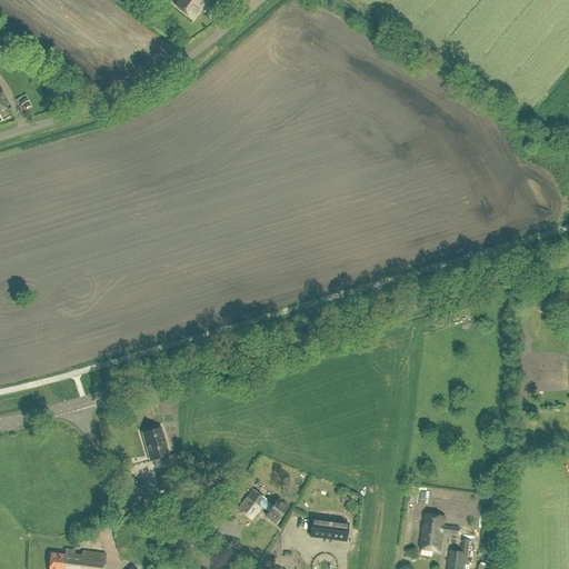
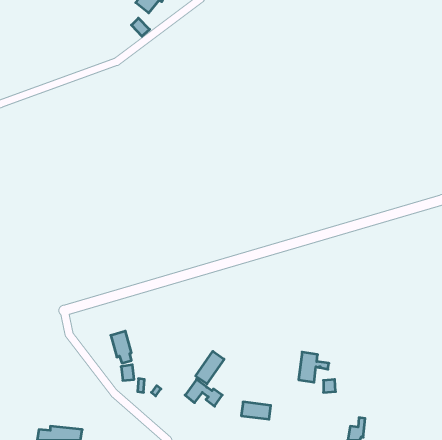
building: none -> [196,351,224,384]
building: [420,511,459,550] -> [299,352,329,382]

